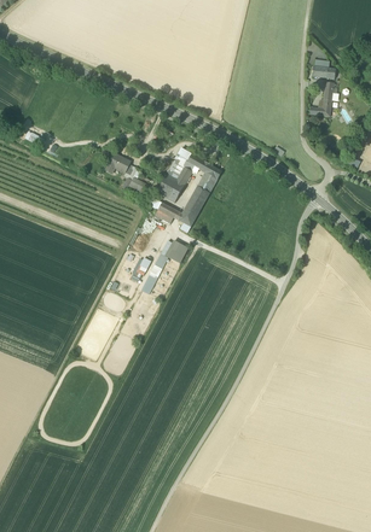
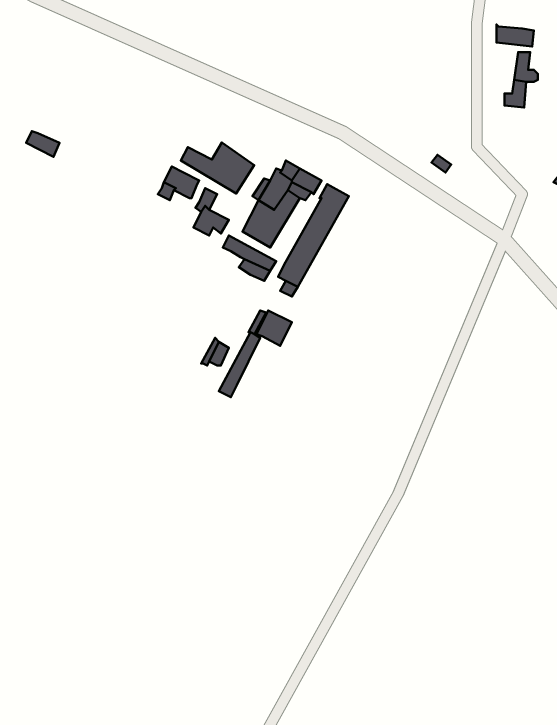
building: none -> [181,142,254,194]

